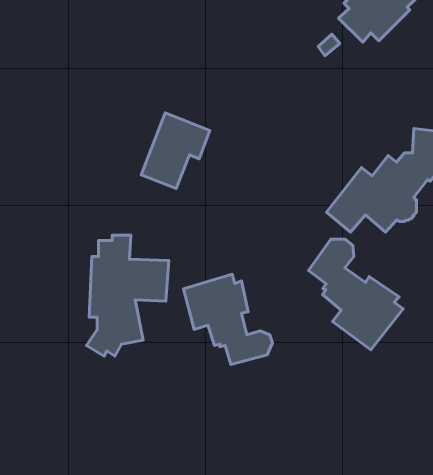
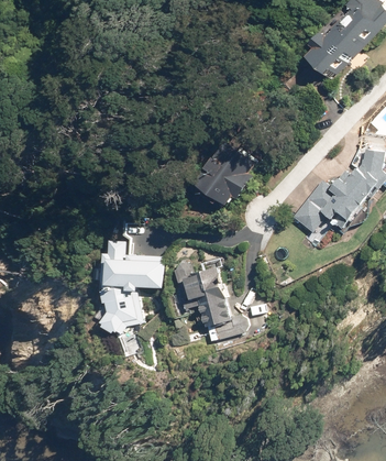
building: [141,113,210,188] -> [197,143,253,205]
building: [308,239,403,350] -> none

